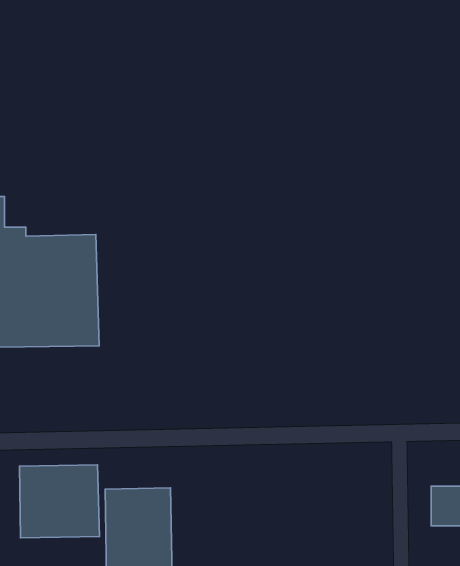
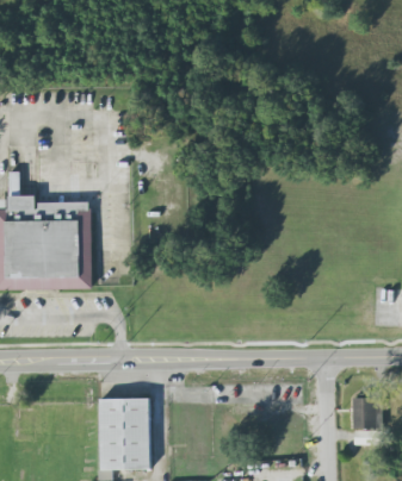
building: [20,465,100,538] -> none

